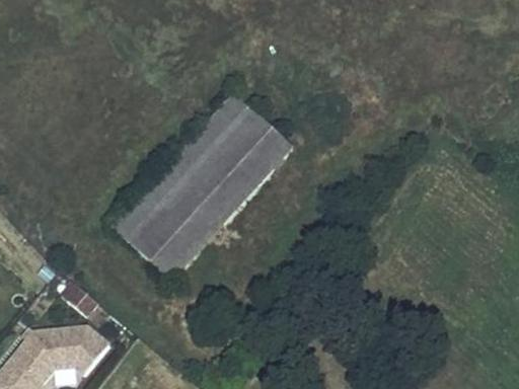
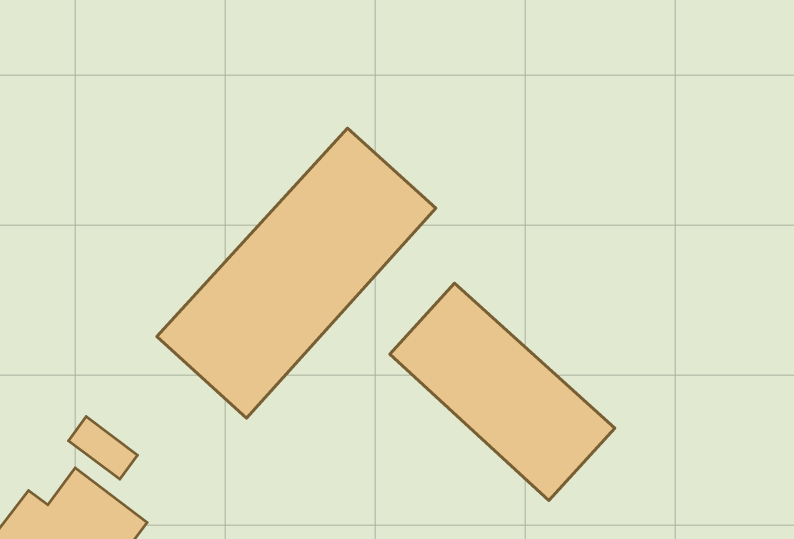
building: none -> [390,283,615,501]

